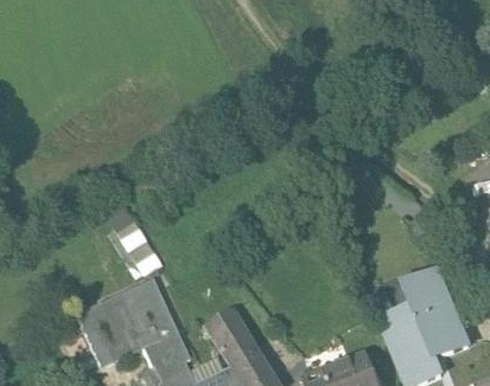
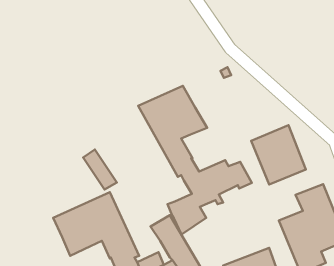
building: none -> [138,86,252,234]
building: none -> [251,125,306,185]

